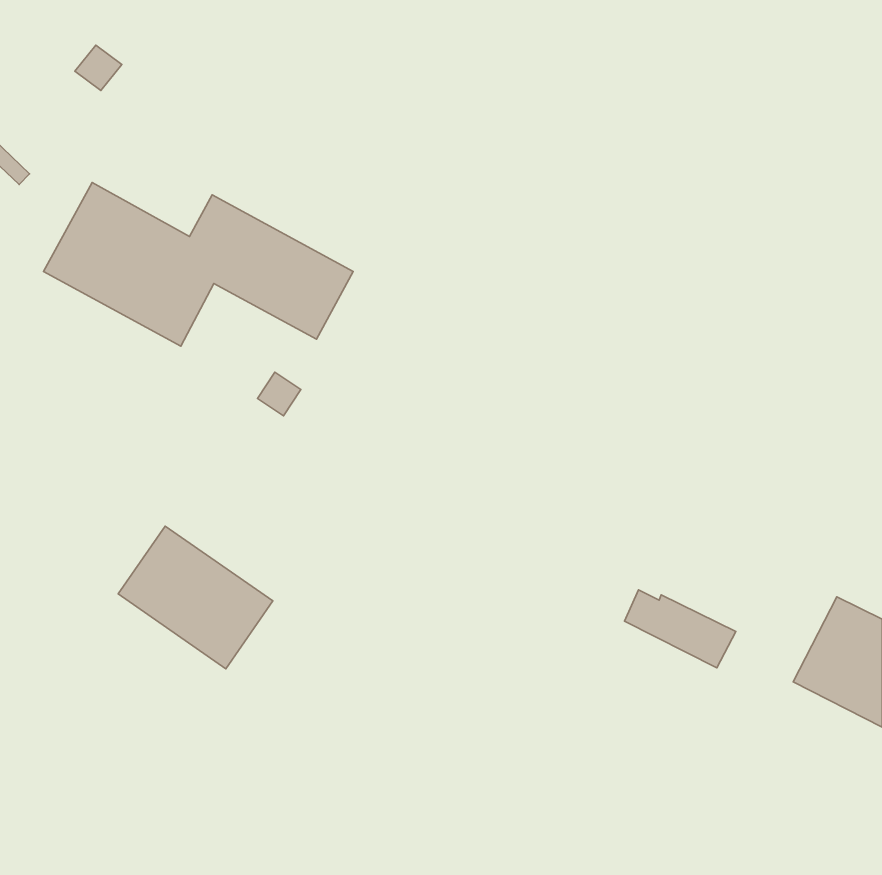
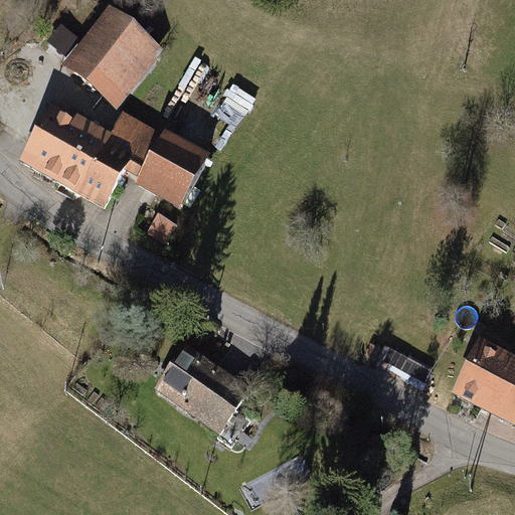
building: none -> [64,8,160,105]
building: [118,526,273,669] -> [158,348,247,431]

